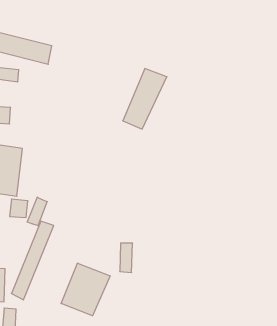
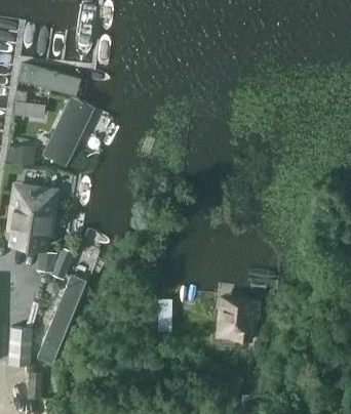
building: [123,69,167,129] -> [45,100,94,168]
building: none -> [219,296,261,339]
building: [61,263,110,316] -> none

